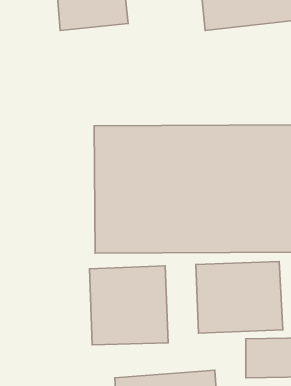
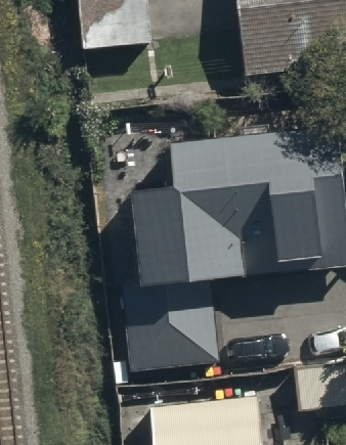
building: [196,261,283,333] -> none

